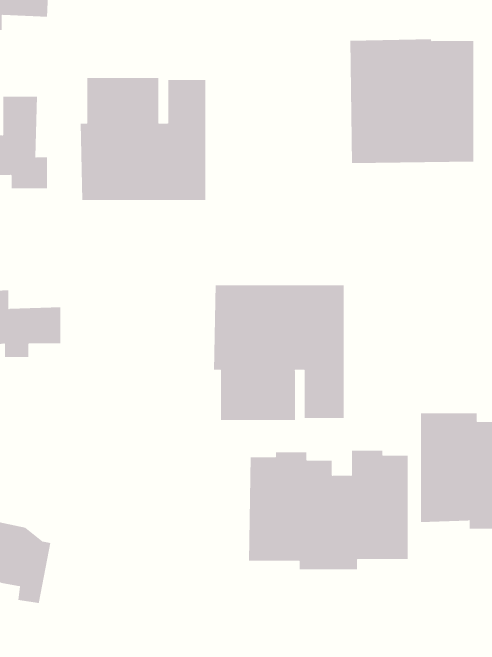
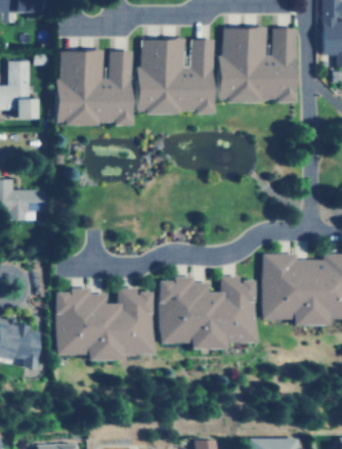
building: none -> [139,39,215,114]
building: [214,284,344,421] -> none
building: none -> [57,287,153,361]

